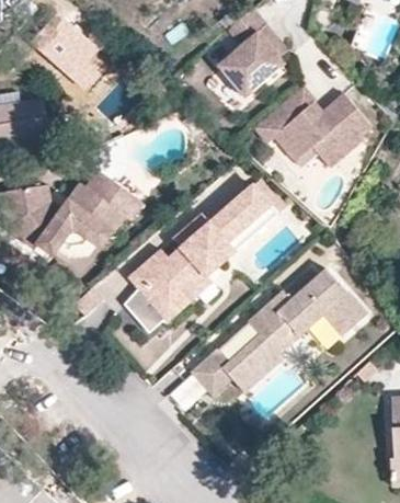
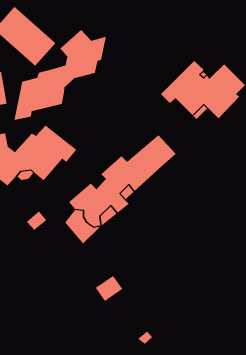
building: [217,10,286,98] -> none
building: none -> [14,29,107,121]
building: [193,268,367,393] -> none

